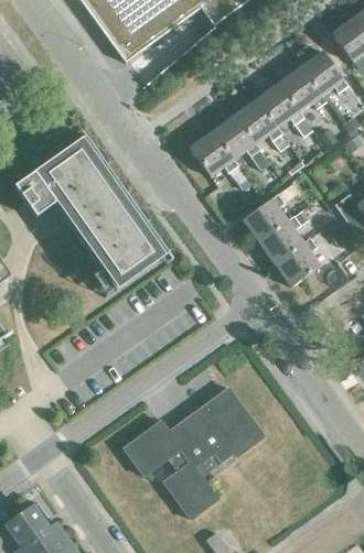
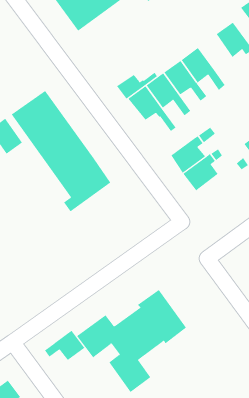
building: [278,65,325,110] -> none
building: none -> [116,72,158,100]
building: [275,237,320,285] -> none
building: none -> [44,330,85,361]

